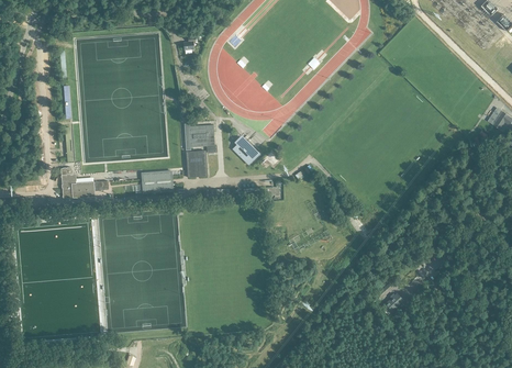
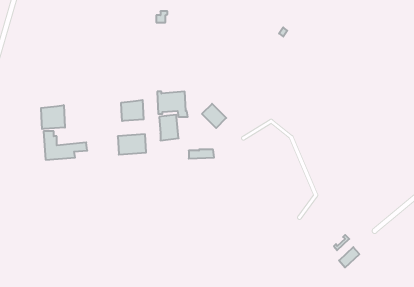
building: none -> [121,100,144,121]
building: none -> [41,105,65,129]

